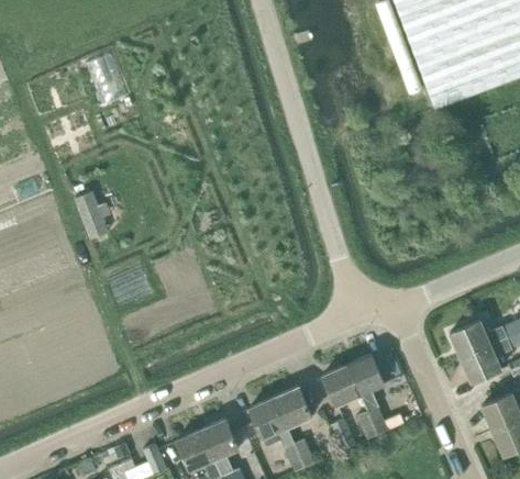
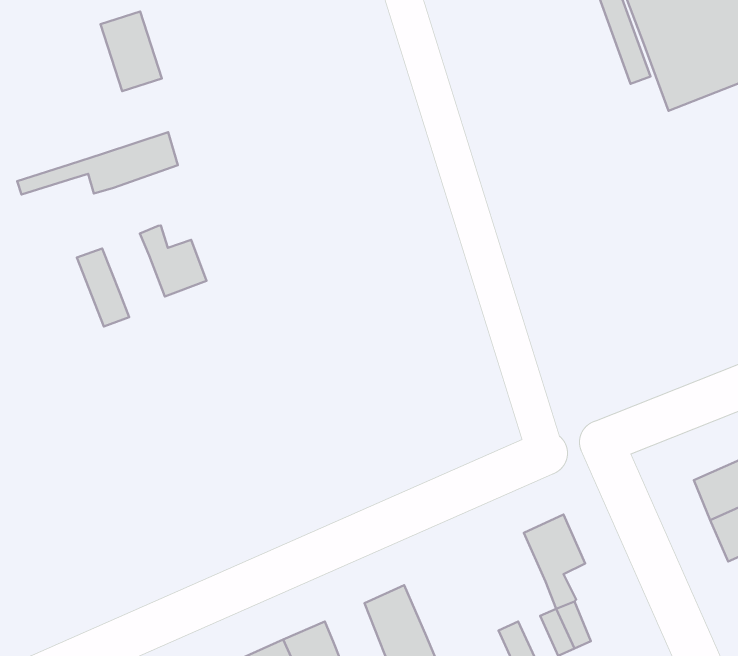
building: none -> [17,132,178,194]
building: none -> [140,226,207,296]
building: [322,365,359,405] -> none
building: [274,387,311,427] -> none

